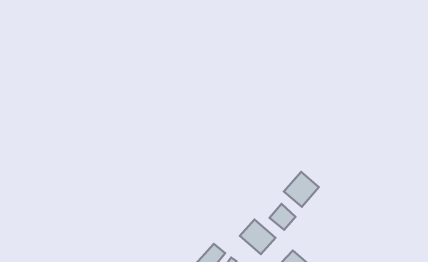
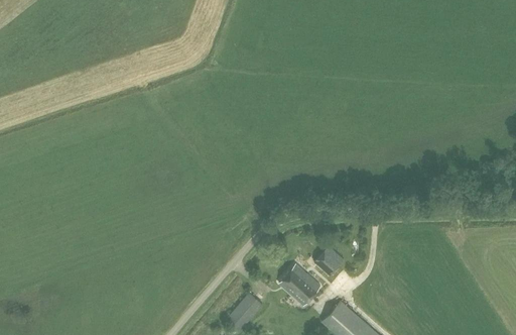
building: [284,172,319,207] -> none

